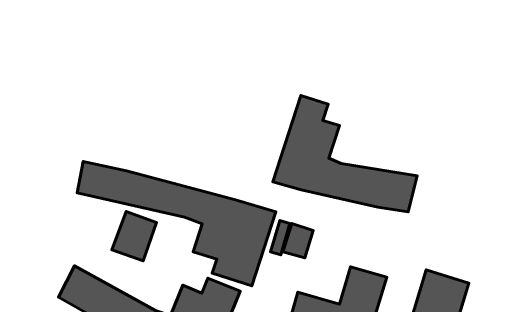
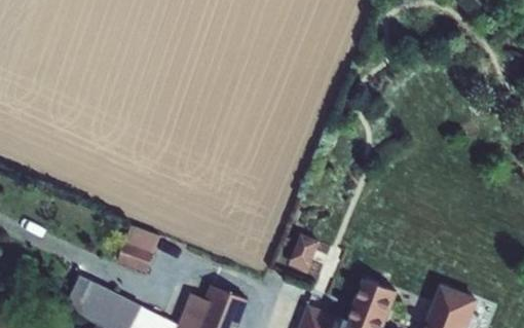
building: [273,95,417,212] -> none
building: [77,161,276,286] -> none

